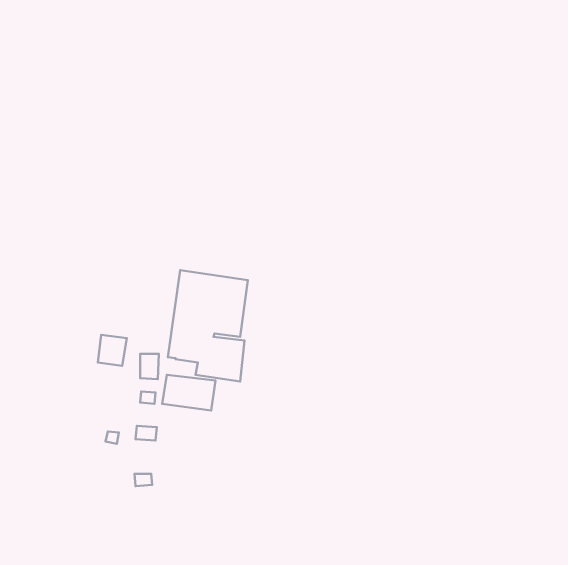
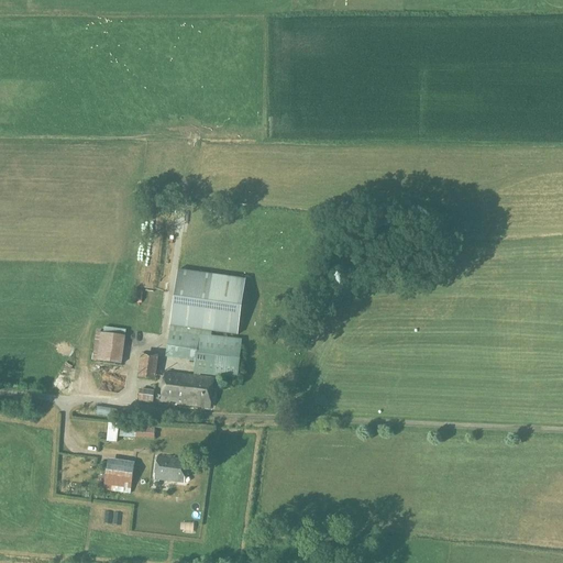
building: none -> [155,454,186,481]
building: none -> [103,459,131,488]

